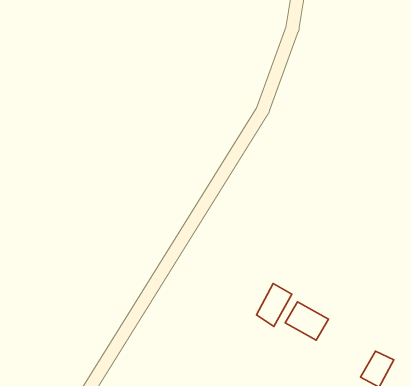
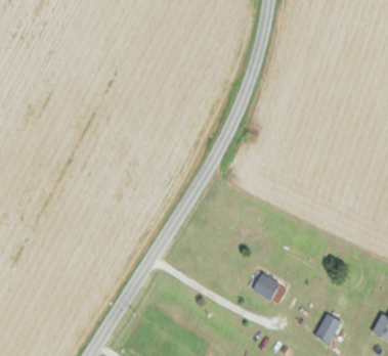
building: [256,284,292,326] -> none

